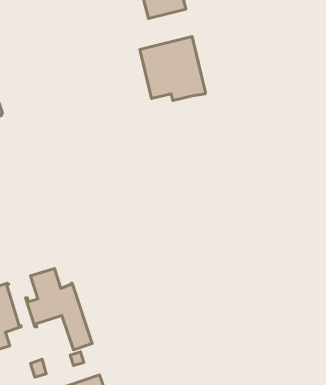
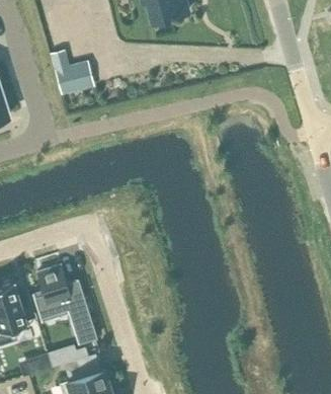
building: [140,37,206,100] -> none
building: none -> [56,63,94,94]

